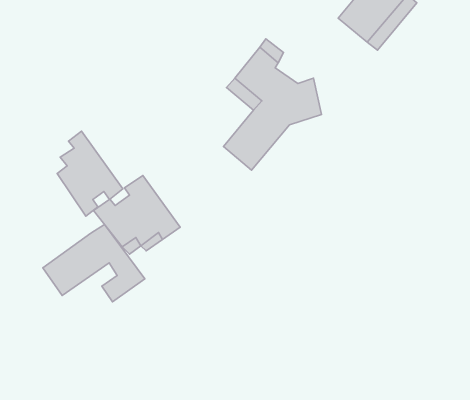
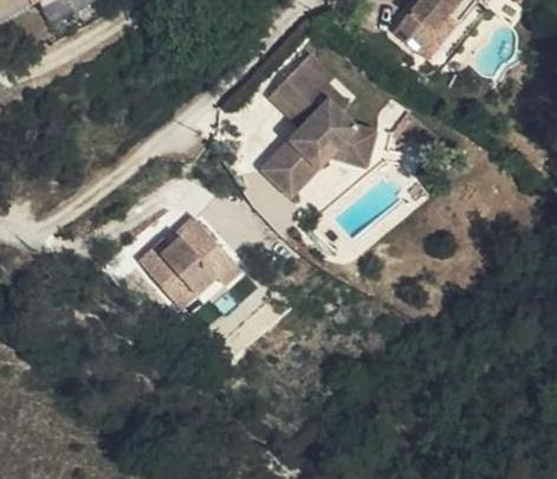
building: [57,131,123,216] -> none
building: [43,224,145,302] -> none

